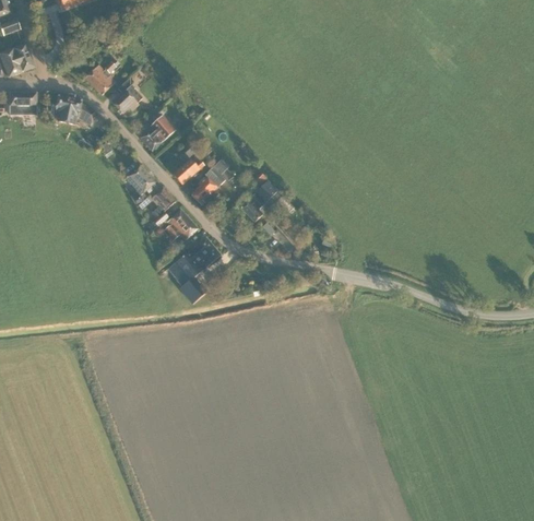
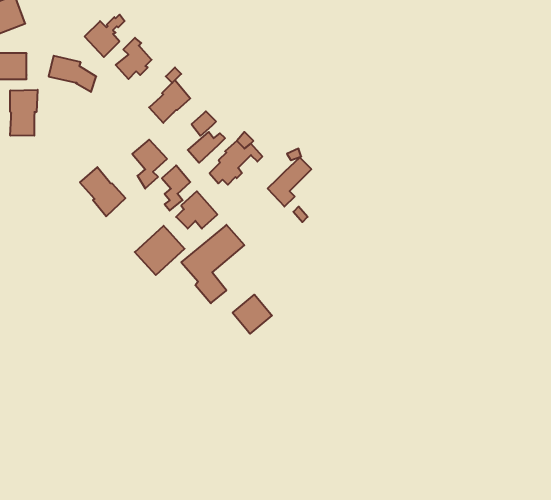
building: none -> [10,90,38,136]
building: none -> [80,167,125,216]
building: none -> [135,226,185,275]
building: none -> [233,295,272,334]

